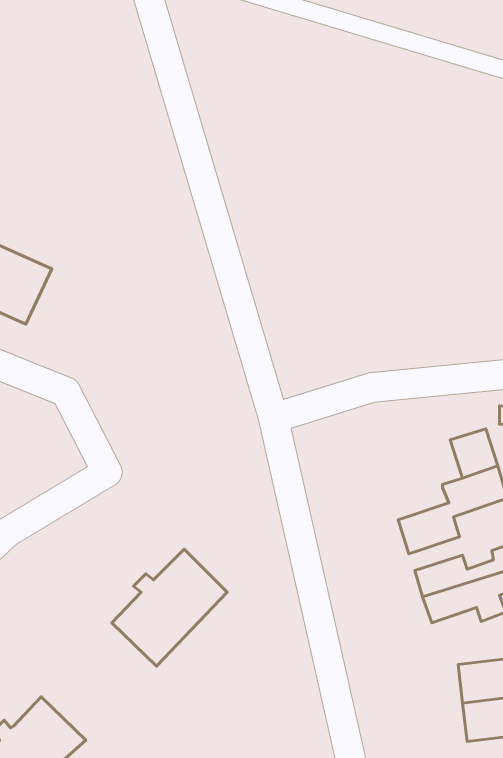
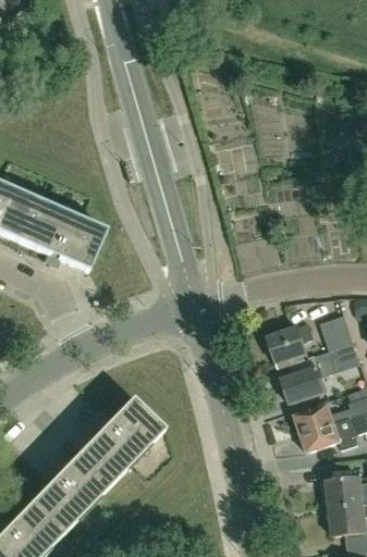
building: none -> [19,202,103,271]
building: none -> [267,323,314,364]
building: none -> [29,453,111,535]

